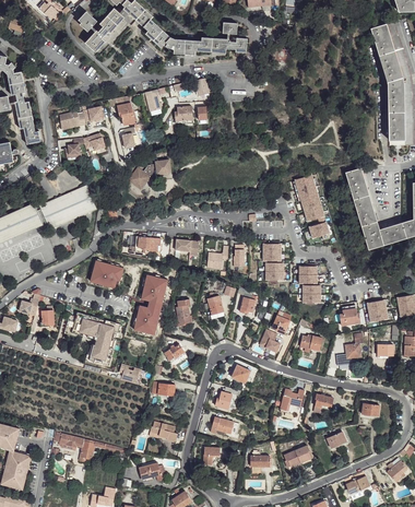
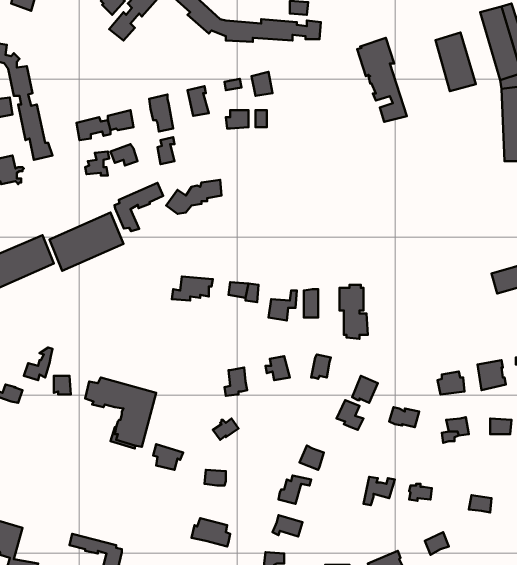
building: none -> [435,32,476,91]
building: none -> [114,183,163,231]
building: [345,170,383,252] -> none
building: [292,172,330,236] -> [357,38,407,122]
building: [91,260,123,287] -> none
building: [299,262,321,304] -> none
building: [135,274,168,333] -> none

